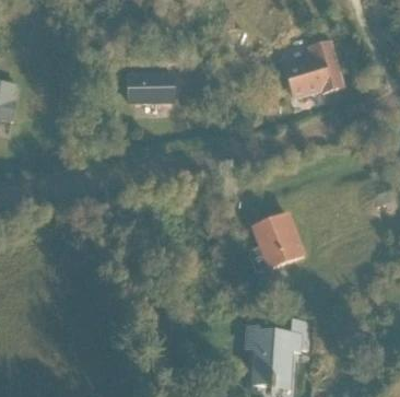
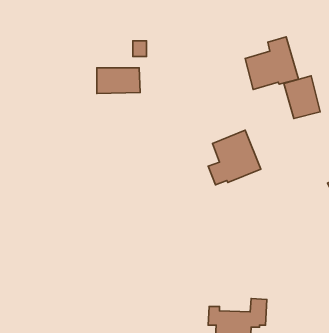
building: none -> [284,76,320,118]
building: [248,213,304,271] -> [208,130,261,185]

